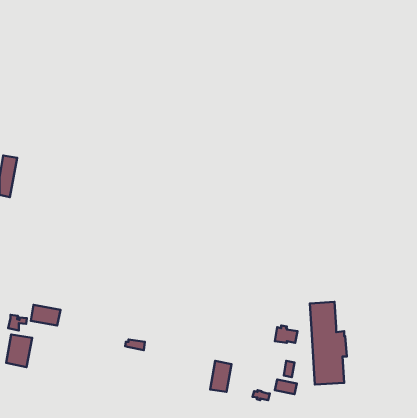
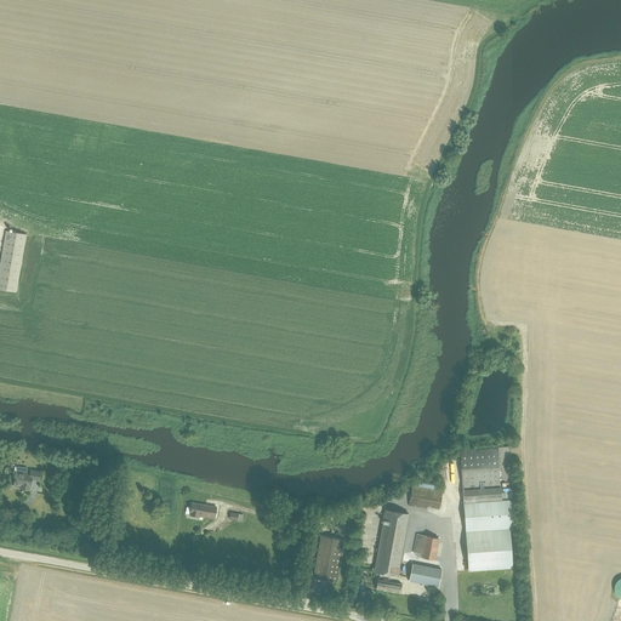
building: [31,305,60,326] -> none
building: [6,334,32,367] -> none
building: none -> [374,509,408,575]

